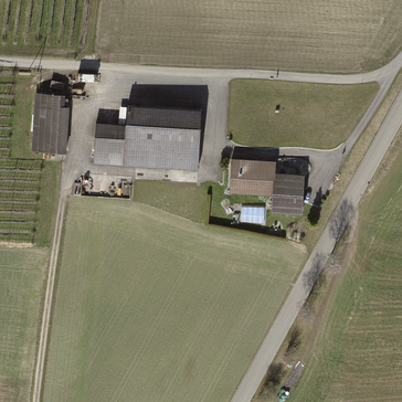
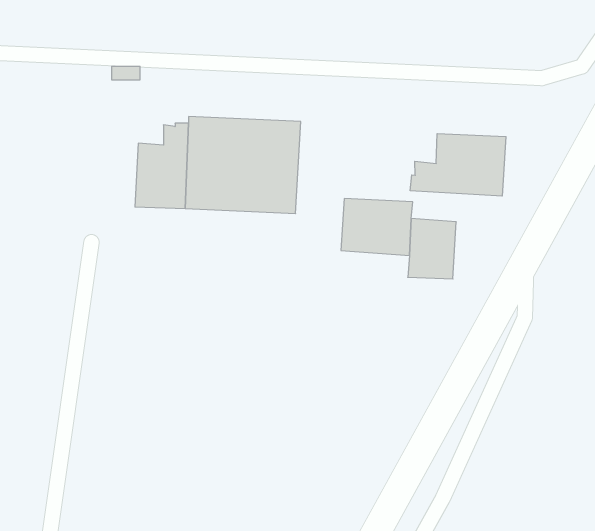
building: [29,94,70,155] -> none
building: none -> [410,134,506,196]

